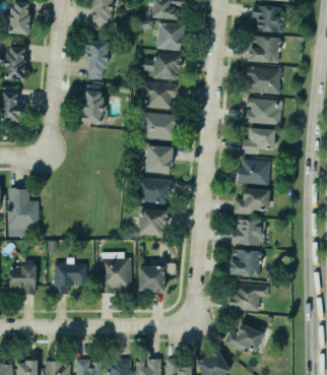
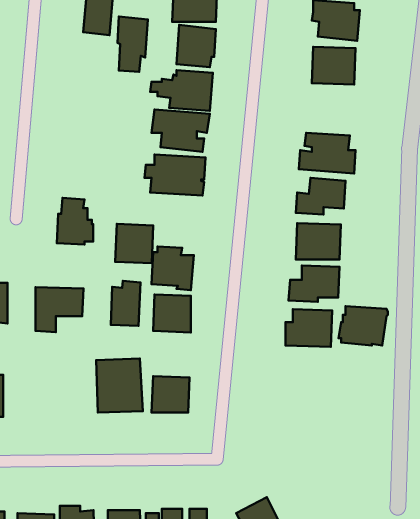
building: [86,41,108,79] -> [117,17,148,72]
building: [246,66,281,93] -> none
building: [81,90,107,123] -> [57,198,93,245]
building: [146,146,173,174] -> [115,224,153,263]
building: none -> [111,281,140,326]
building: [227,249,262,276] -> [338,306,388,345]
building: [55,263,88,295] -> [36,287,84,332]
building: [233,285,269,311] -> none
building: [224,325,264,353] -> none

